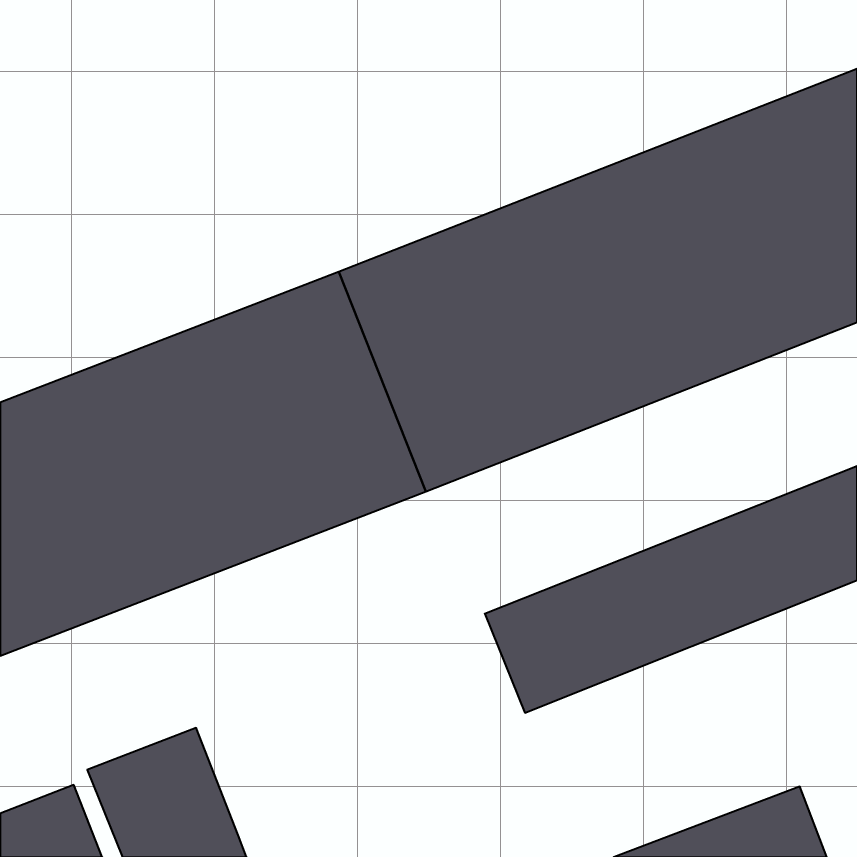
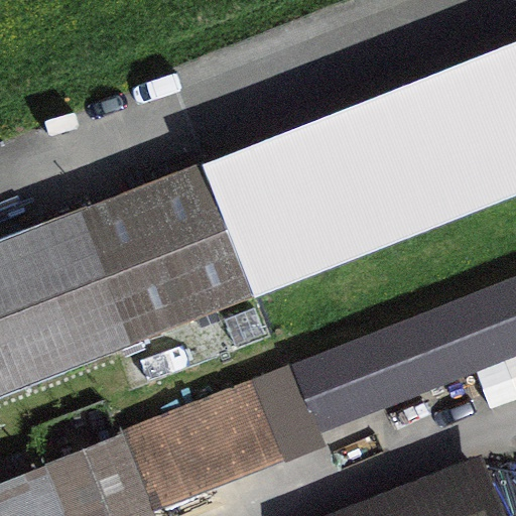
building: none -> [118,383,280,502]

